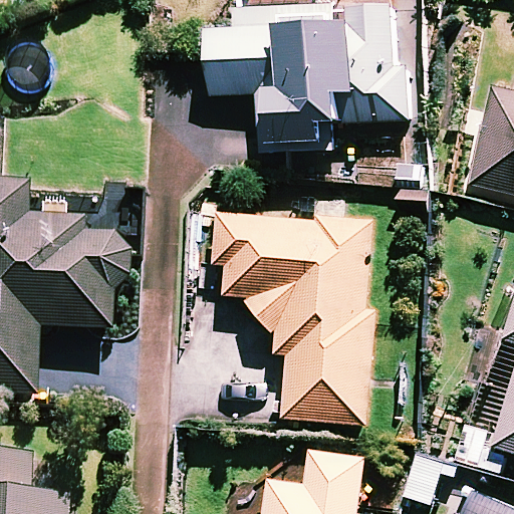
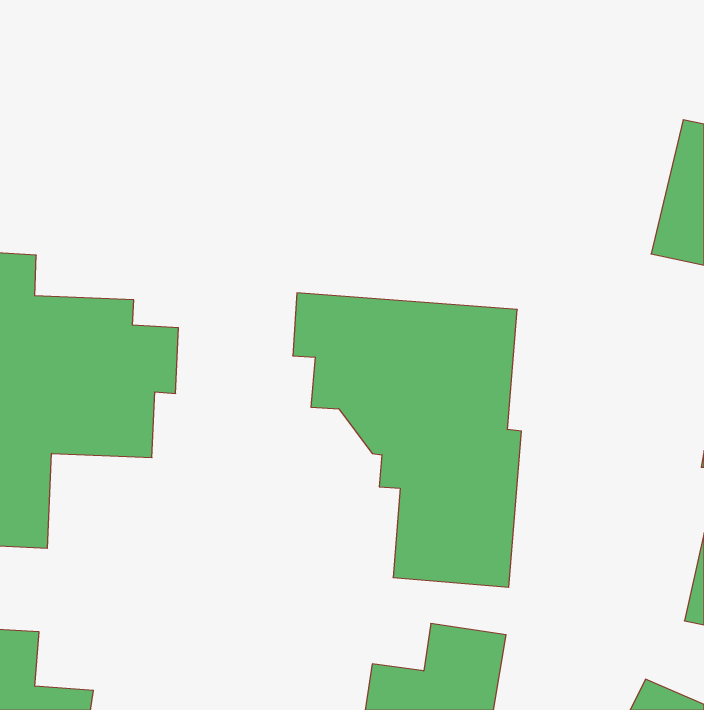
building: [210,10,410,150] -> none

